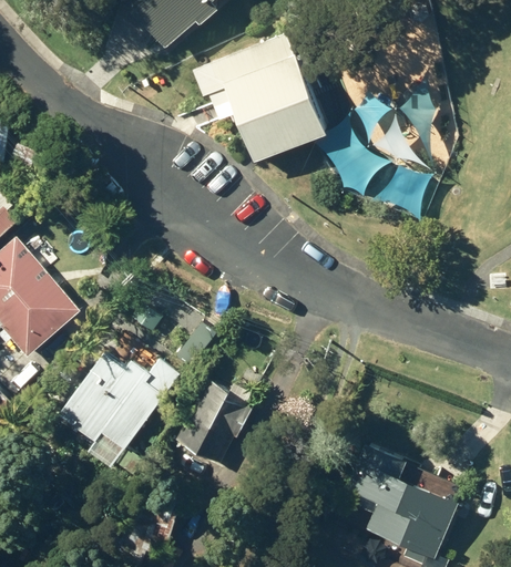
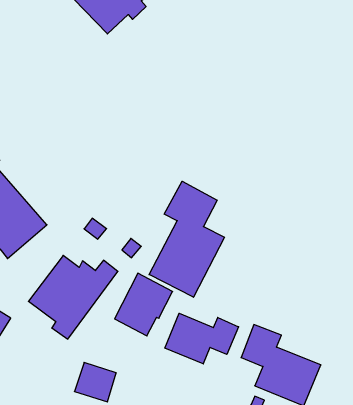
building: [193,22,338,158] -> none
building: none -> [149,181,224,297]
building: none -> [165,313,239,364]

